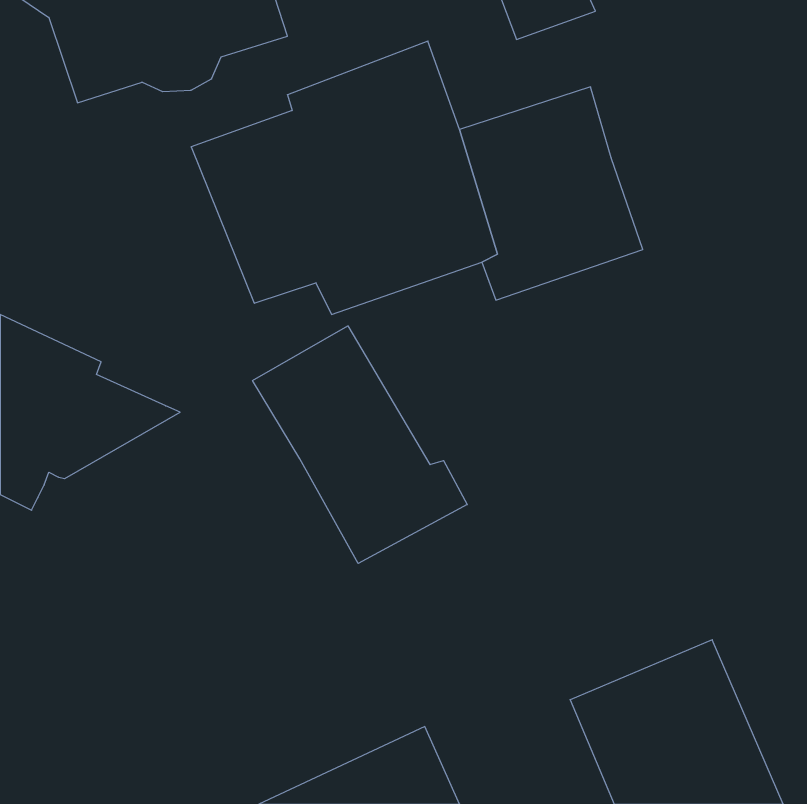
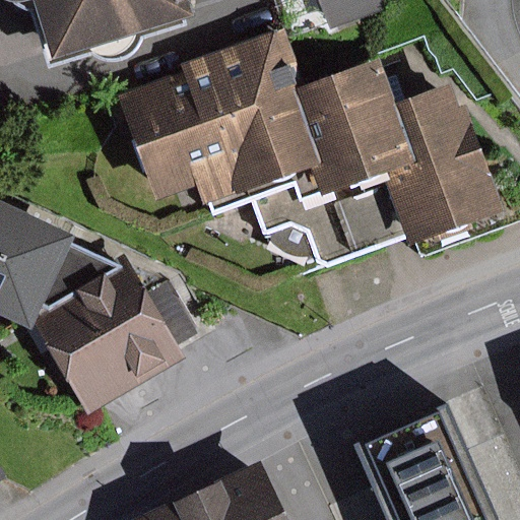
building: none -> [213,83,498,264]
building: [253,326,467,563] -> none
building: none -> [24,255,194,415]

